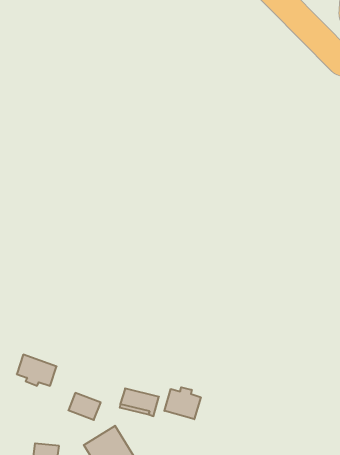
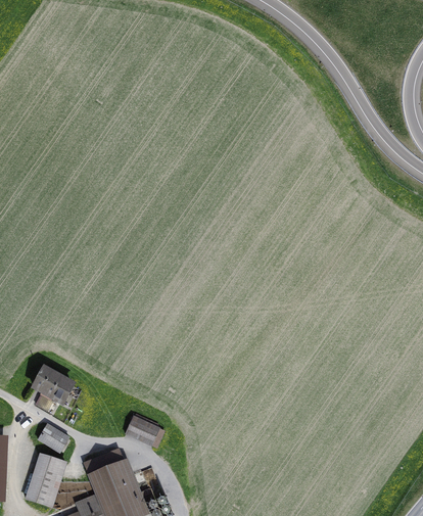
building: [164,387,201,419] -> none
building: [68,393,101,420] -> [39,425,70,454]

